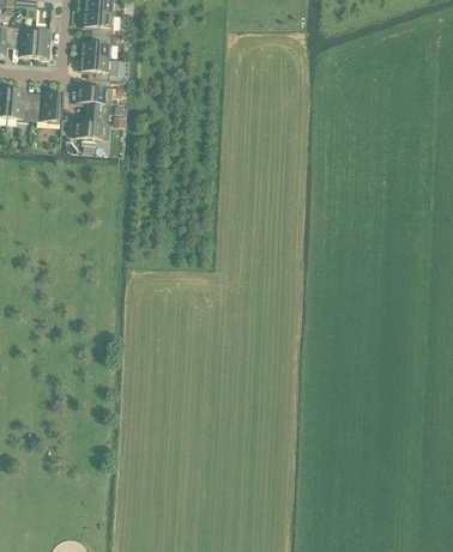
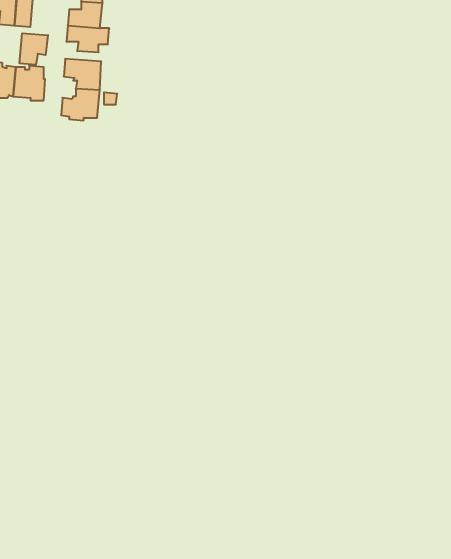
building: none -> [20,33,48,65]

